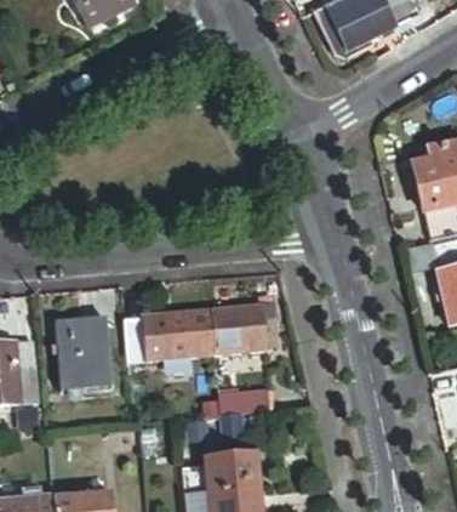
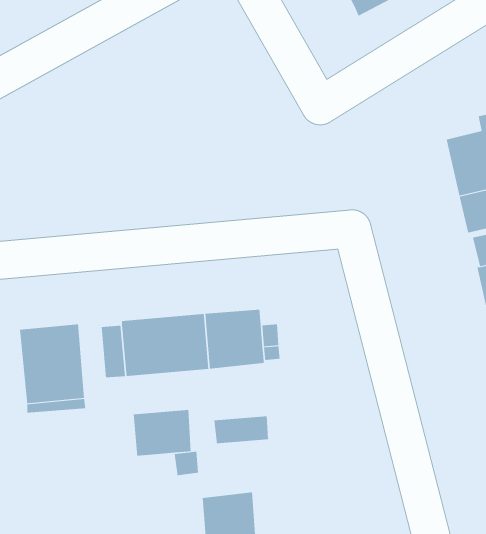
building: none -> [133,409,191,456]

